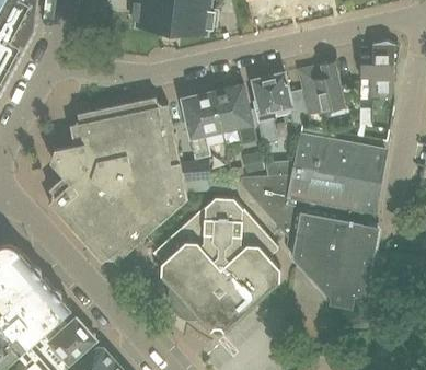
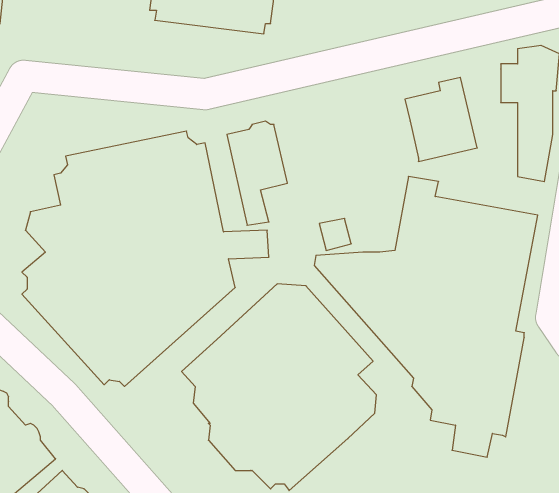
building: [252,72,307,175] -> none
building: [212,84,255,143] -> none

